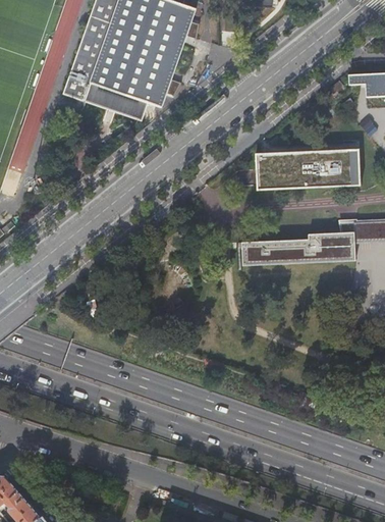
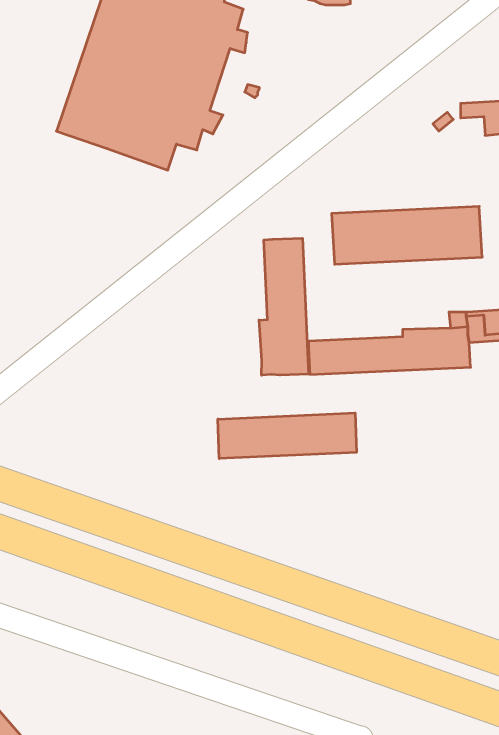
building: none -> [259,238,309,375]
building: none -> [218,413,356,459]

